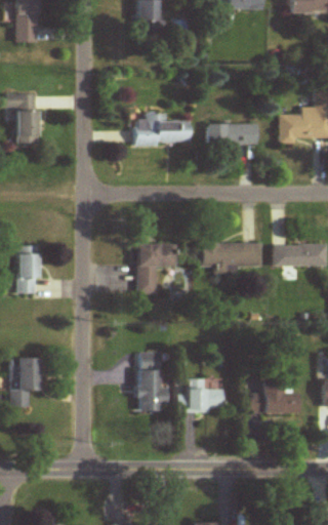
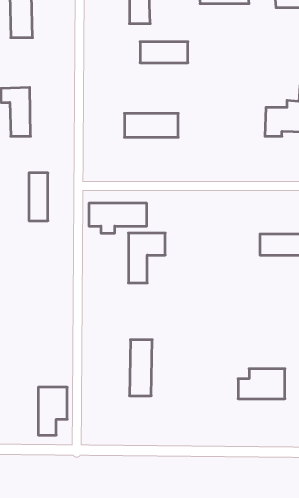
building: [207,123,256,145] -> [140,42,188,63]
building: [202,243,261,274] -> [89,203,147,233]
building: [17,244,37,293] -> [29,173,48,221]
building: [10,358,40,407] -> [38,387,67,435]
building: [183,378,223,411] -> none

